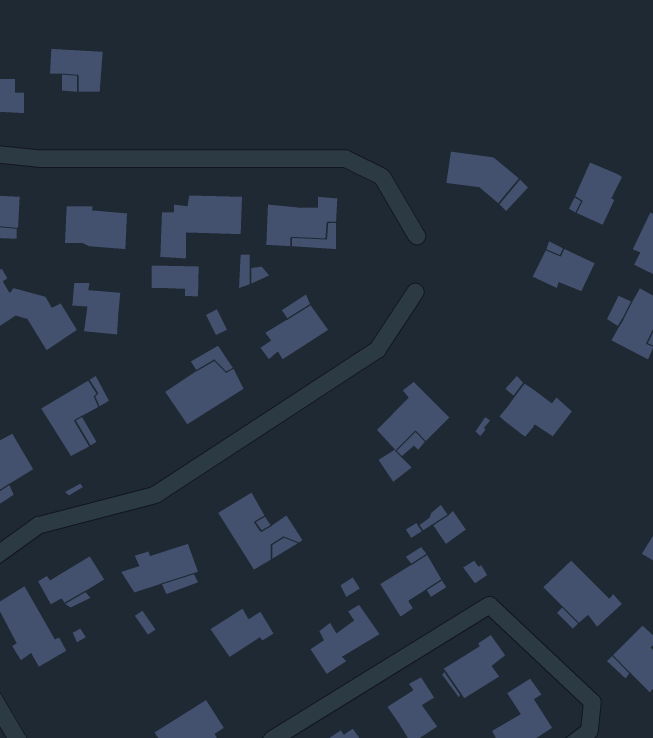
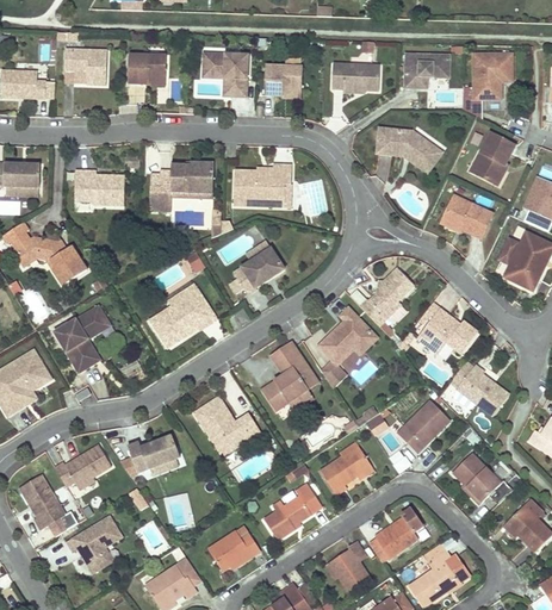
building: none -> [200,52,246,95]
building: none -> [404,52,449,88]
building: none -> [130,54,165,86]
building: none -> [475,54,513,100]
building: none -> [330,63,378,91]
building: none -> [263,64,300,97]
building: [151,265,199,297] -> none
building: [72,282,121,335] -> none
building: none -> [358,269,415,328]
building: none -> [263,346,320,410]
building: none -> [454,361,509,417]
building: none -> [401,398,454,452]
building: [209,608,275,658] -> [211,530,262,569]
building: none -> [64,515,123,577]

